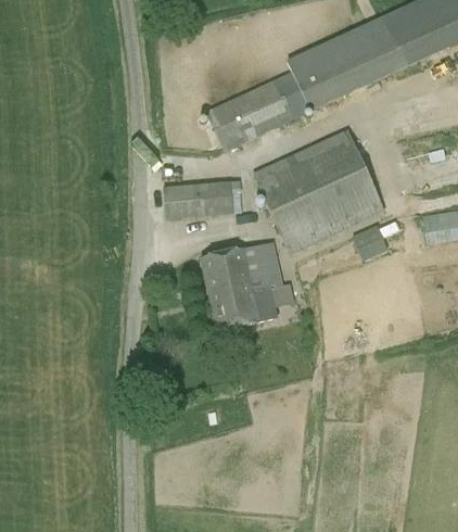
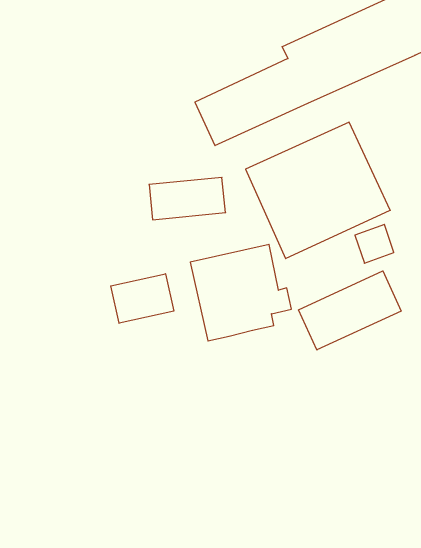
building: none -> [299,271,401,350]
building: none -> [111,274,174,323]

